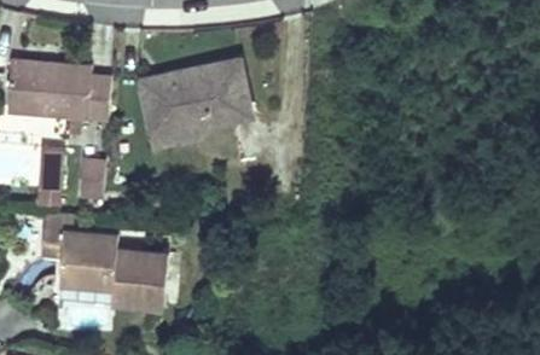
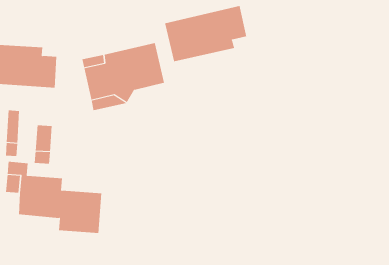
building: none -> [165,5,247,62]

